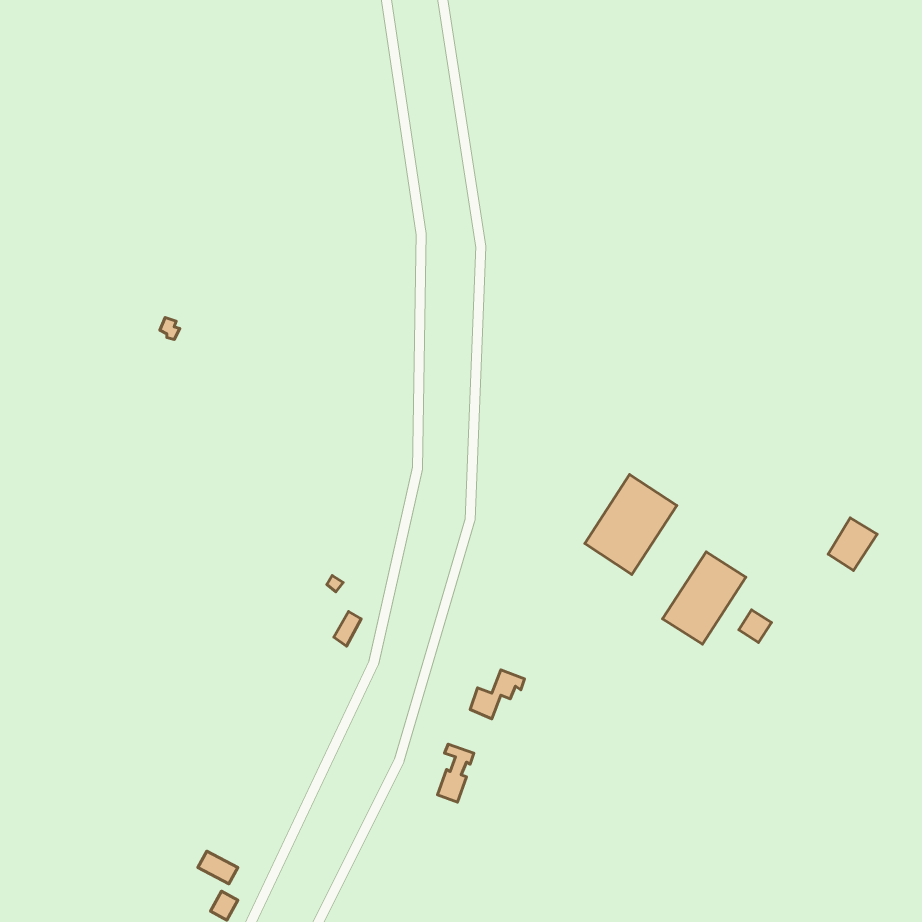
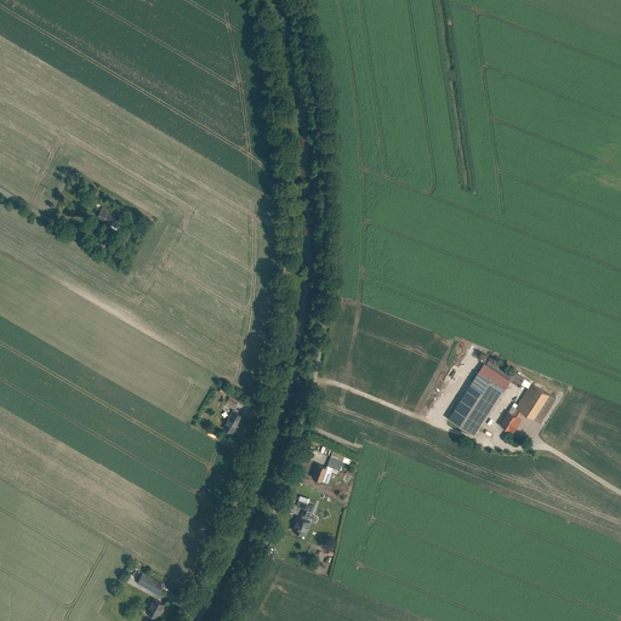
building: [585,474,677,575] -> none
building: [828,518,877,570] -> [514,384,547,420]

